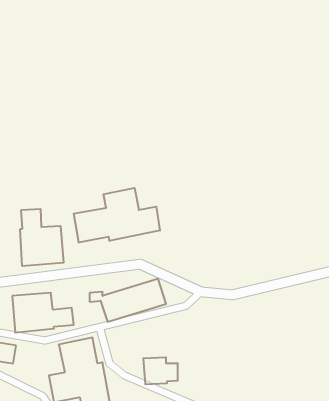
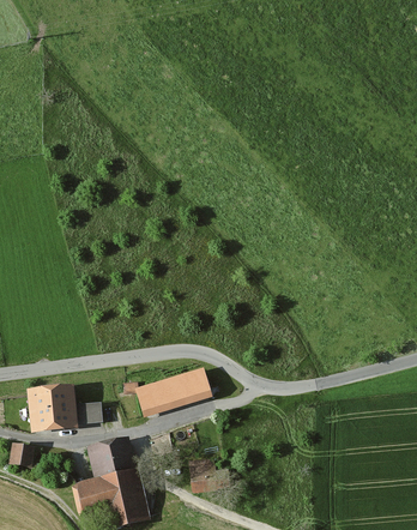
building: [74,188,160,243] -> none
building: [20,209,64,266] -> none

